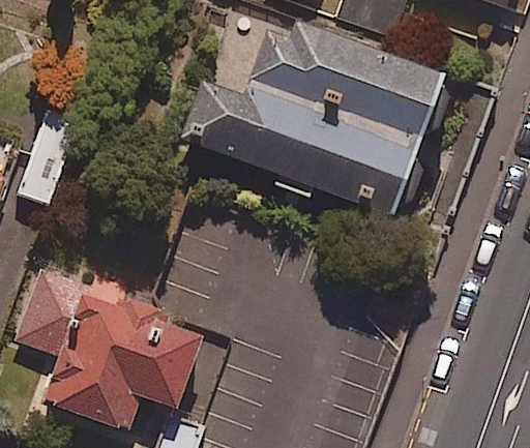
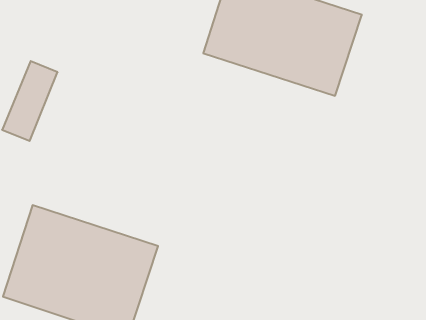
building: [180,83,413,213] -> none

